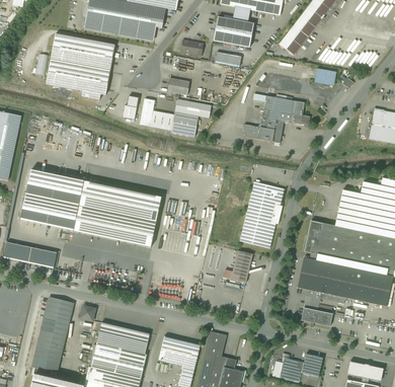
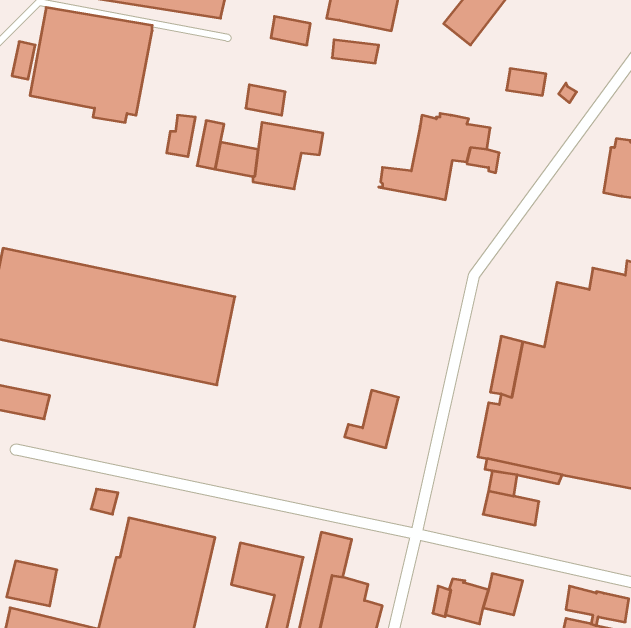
building: [240,181,285,248] -> none
building: [37,297,73,352] -> none

